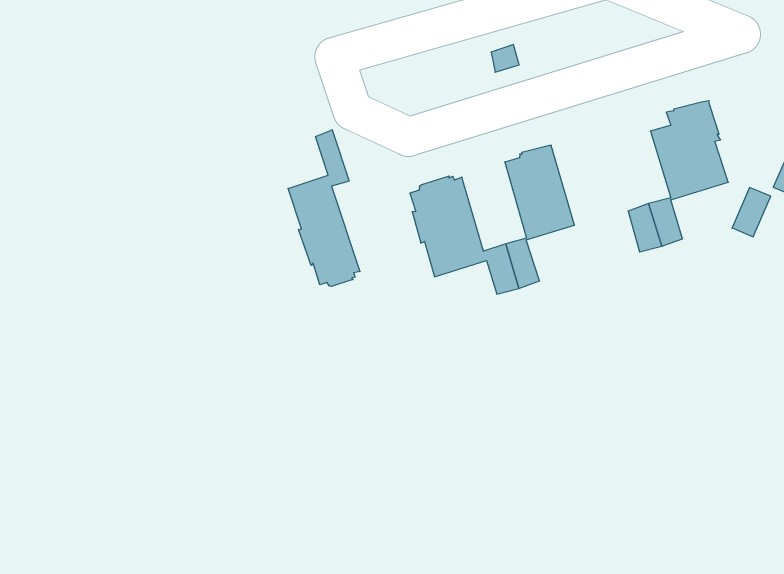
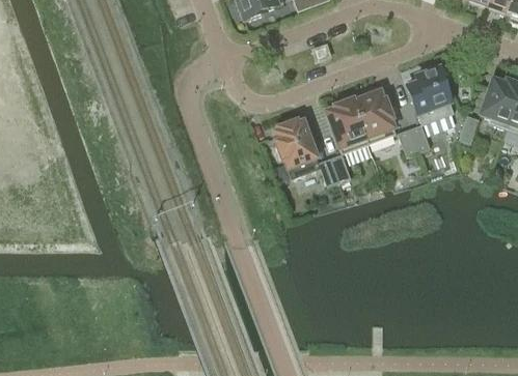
building: [288,130,360,286] -> none
building: none -> [352,89,397,142]

